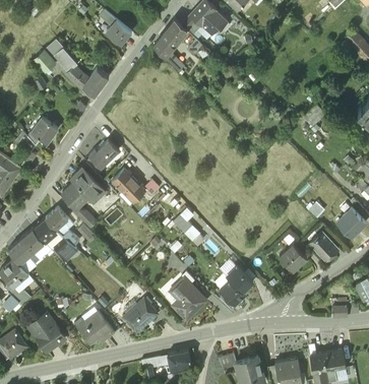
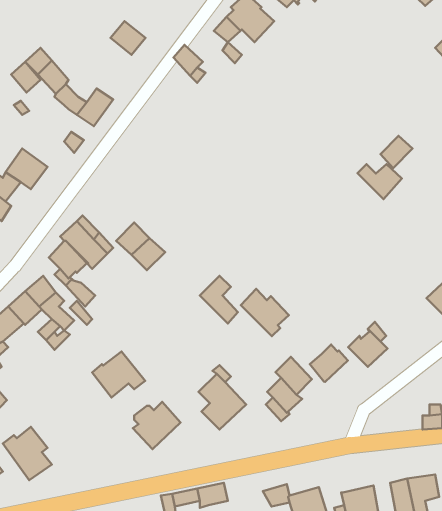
building: [161,19,187,49] -> none
building: none -> [358,164,402,199]
building: [88,138,119,166] -> none
building: none -> [241,289,289,336]
building: [311,231,340,259] -> none
building: none -> [310,344,348,382]
building: [77,311,116,344] -> [92,351,145,398]

